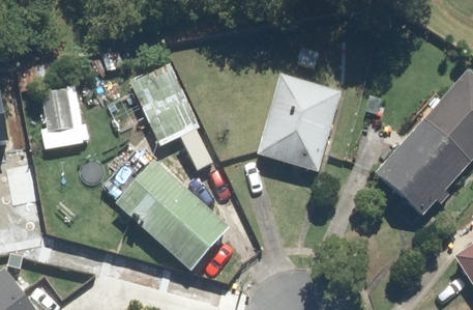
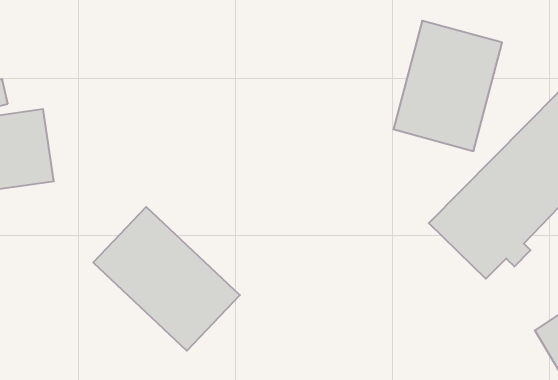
building: [128,63,198,144] -> none
building: [257,73,339,172] -> [393,21,502,151]

